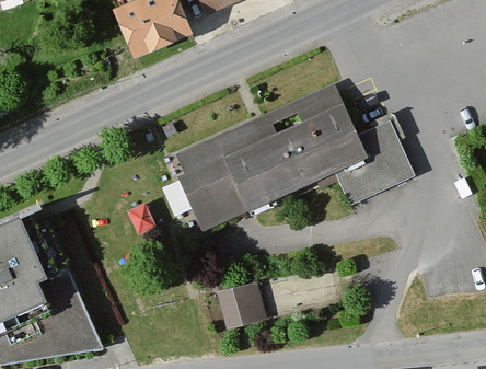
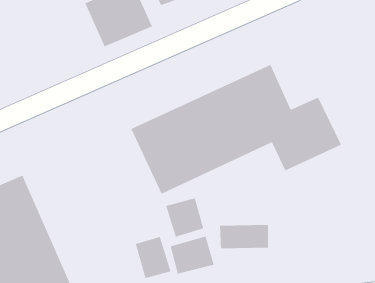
building: none -> [166,197,204,237]
building: none -> [135,236,171,279]

